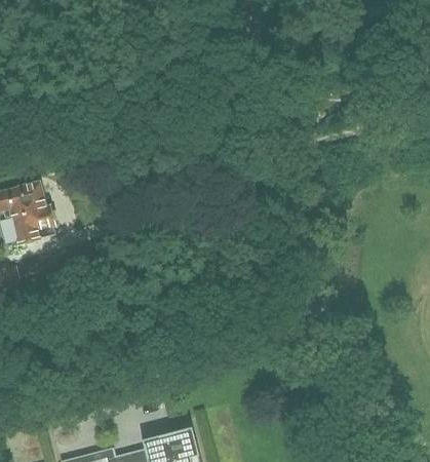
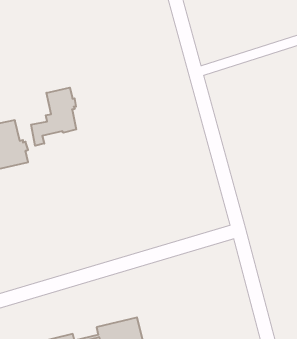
building: none -> [31,88,76,146]

